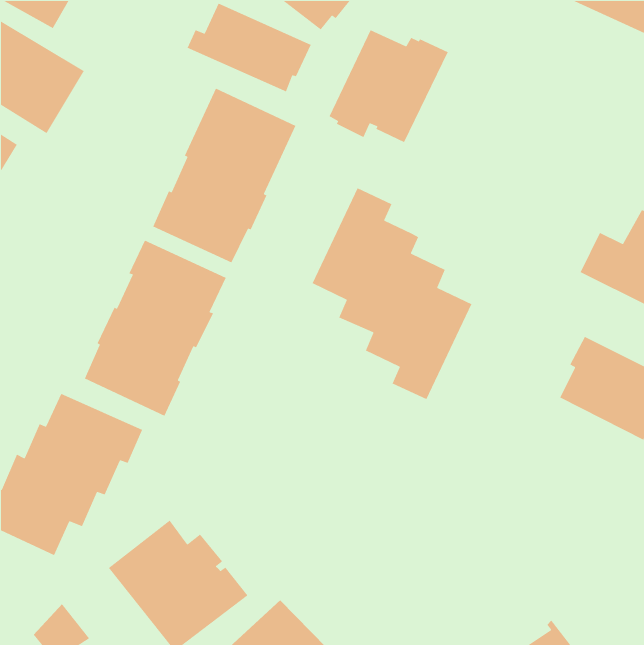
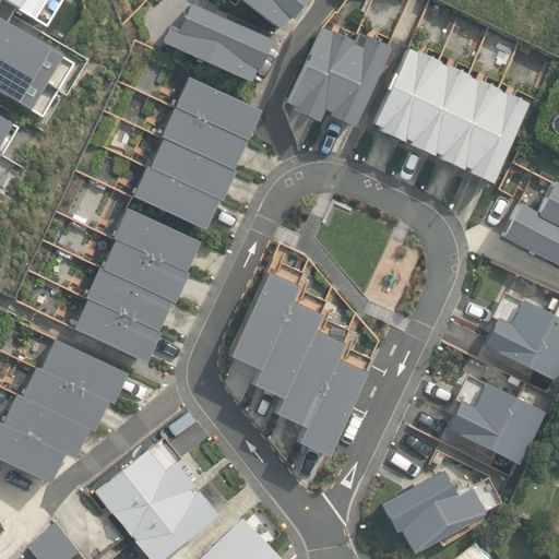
building: none -> [373,49,531,185]
building: [312,187,473,400] -> [228,272,367,455]
building: none -> [447,374,547,465]
building: none -> [382,471,504,554]

